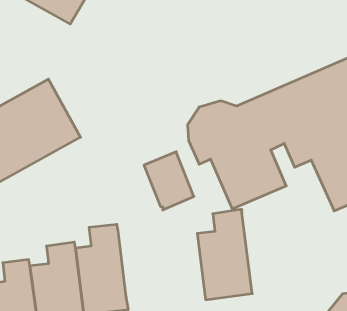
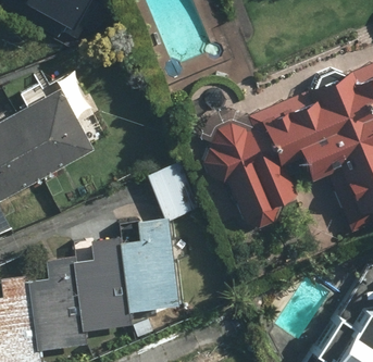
building: [197,210,252,300] -> [125,222,183,316]

